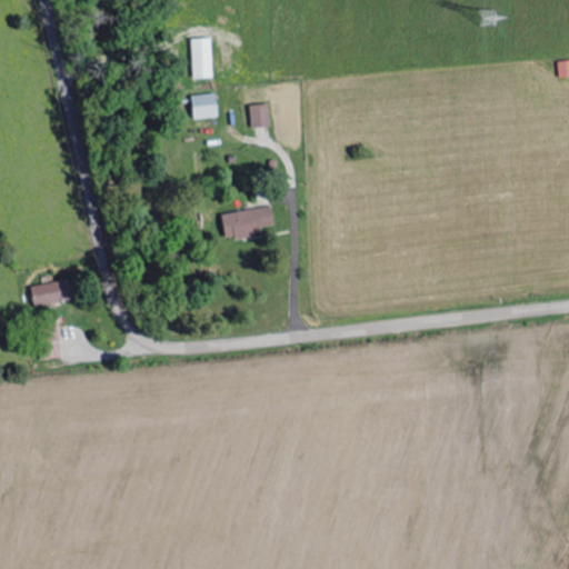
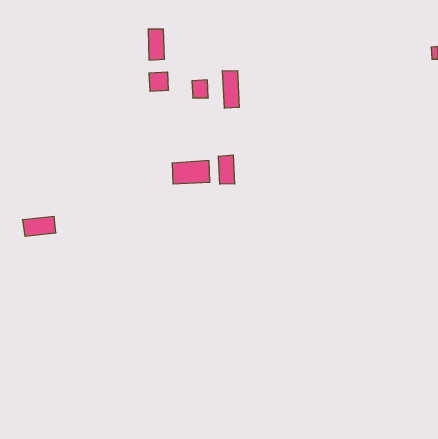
building: none -> [223,71,239,108]
building: none -> [218,155,235,184]

